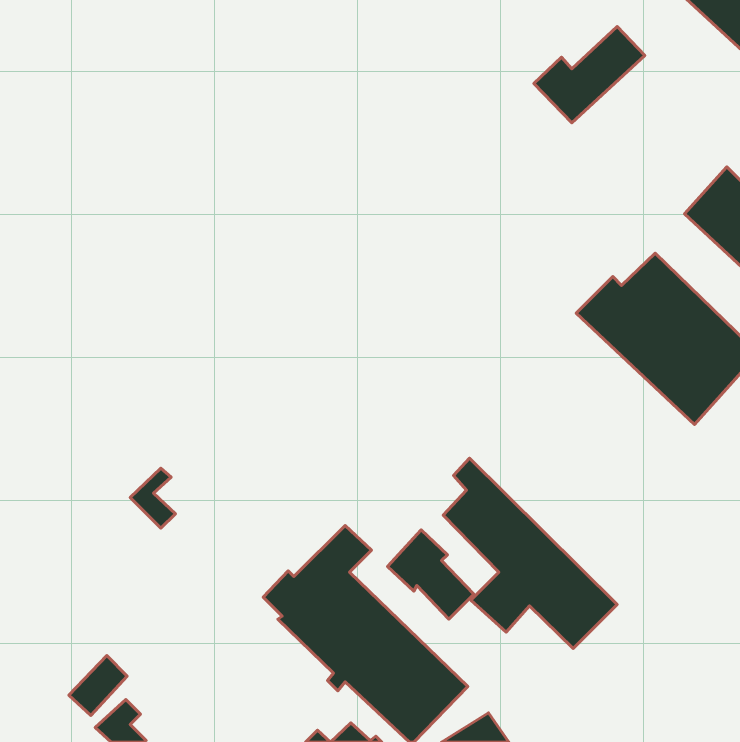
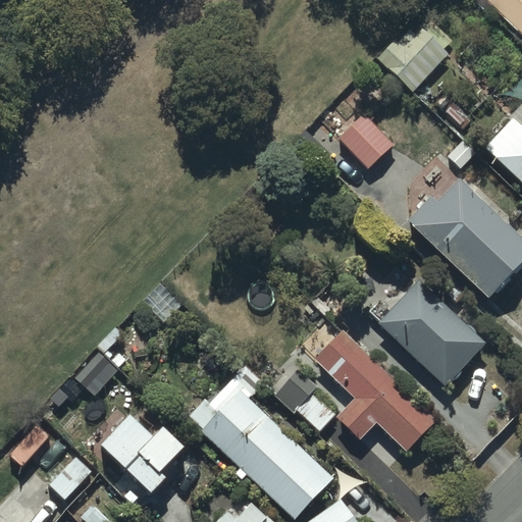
building: none -> [332,114,394,168]
building: none -> [375,276,486,386]
building: none -> [101,414,184,494]

